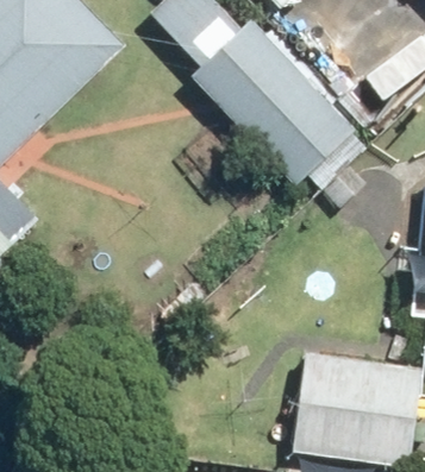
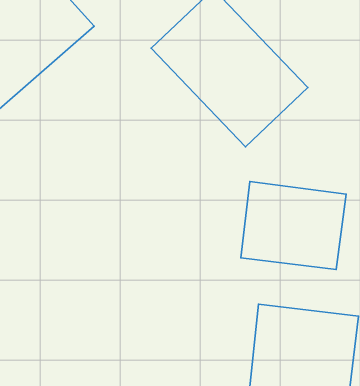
building: none -> [241,182,346,269]

